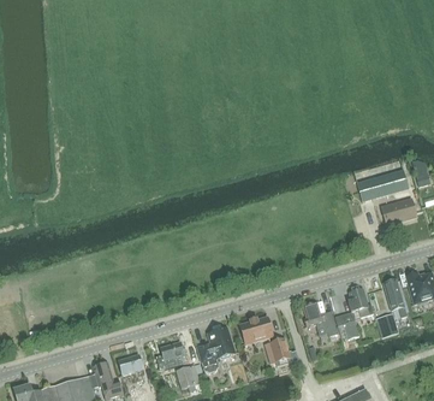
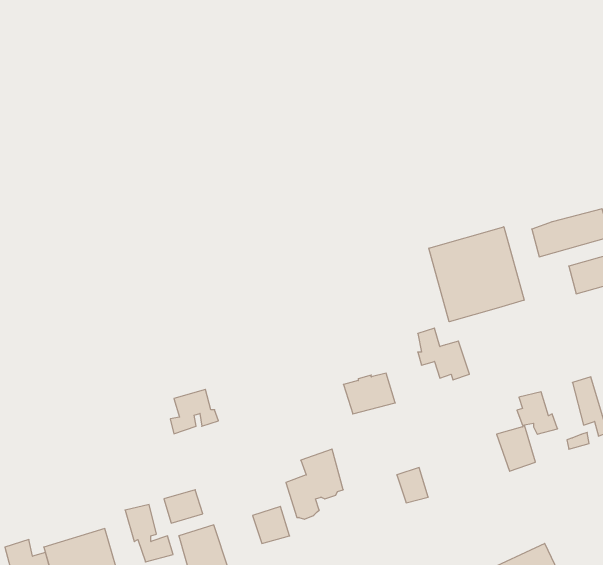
building: none -> [429,227,524,322]
building: [304,301,338,335] -> [418,328,469,380]
building: [239,316,273,342] -> [343,373,395,414]
building: [157,340,189,368] -> [170,389,218,434]

